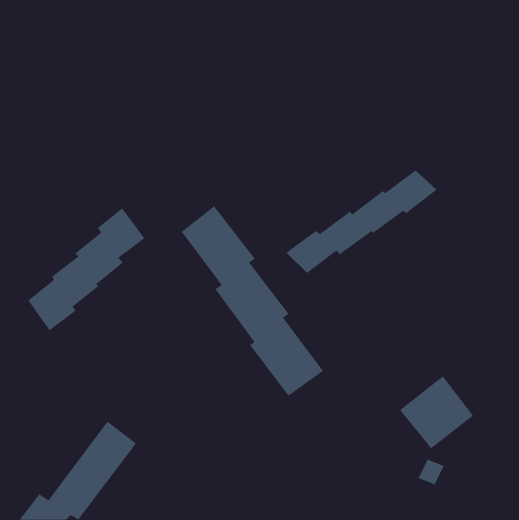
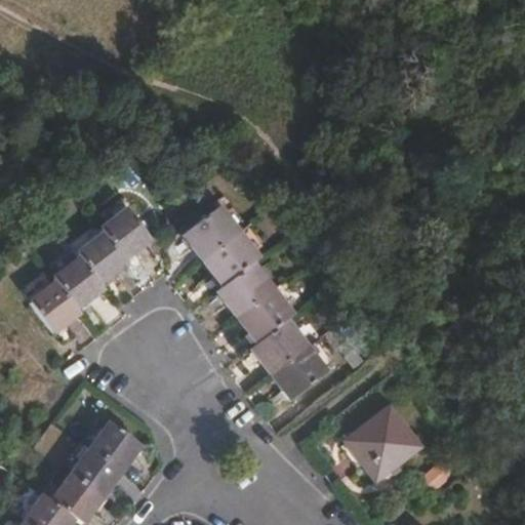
building: [286,170,438,274] -> none
building: [399,376,474,449] -> [347,405,421,479]

